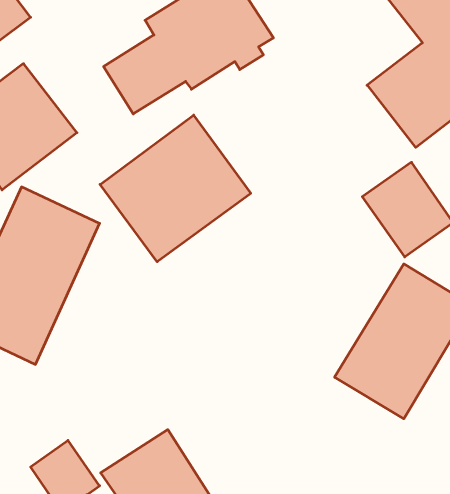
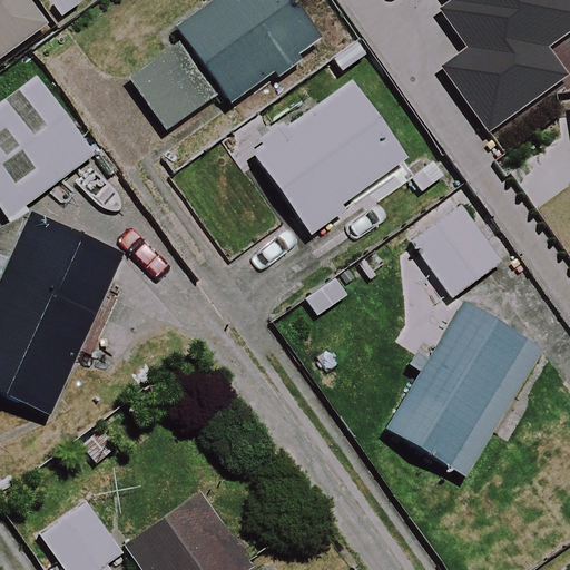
building: none -> [250,80,405,235]
building: [100,115,251,262] -> none

